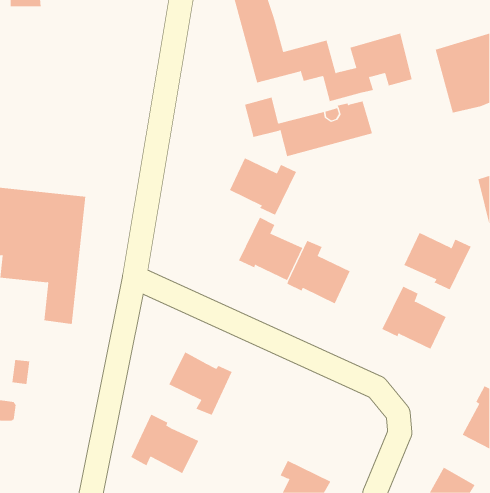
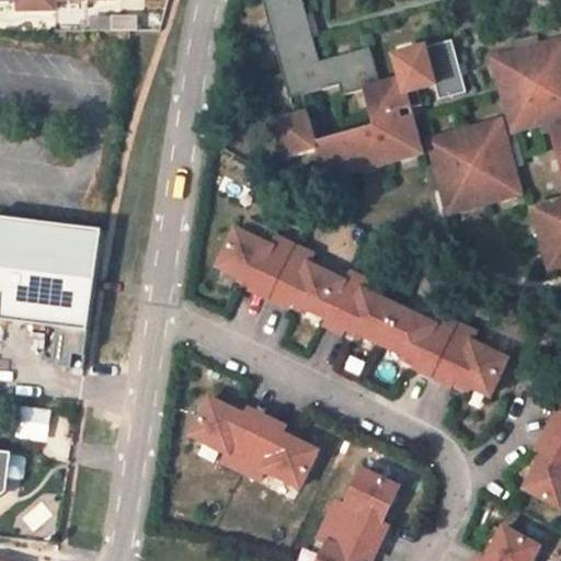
building: none -> [426,115,519,209]
building: [229,157,297,215] -> [217,229,294,295]
building: [404,232,471,290] -> [379,307,456,373]
building: [130,414,199,474] -> [240,421,318,489]
building: none -> [325,470,399,545]

